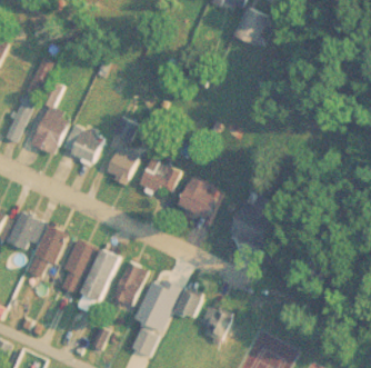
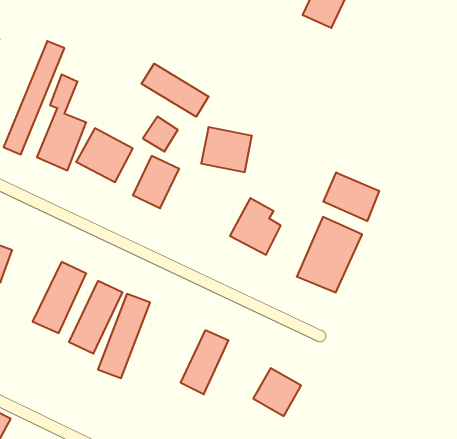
building: none -> [142,64,209,117]
building: none -> [323,172,379,221]
building: [140,160,179,195] -> [201,127,252,172]
building: [7,212,44,250] -> none
building: [111,262,148,308] -> none
building: [173,288,203,321] -> none

